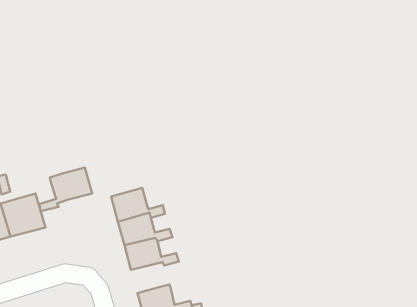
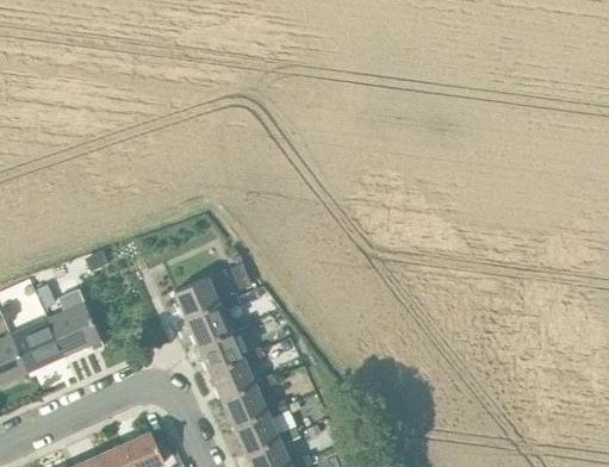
building: [39,168,92,211] -> none
building: none -> [209,361,275,401]

